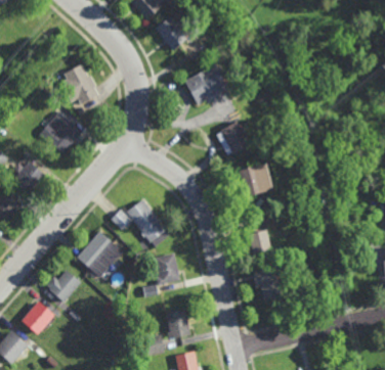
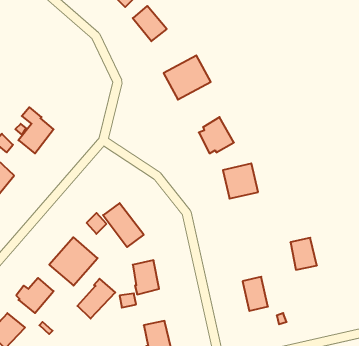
building: [60,64,99,104] -> none
building: [249,230,273,260] -> [290,238,317,270]
building: none -> [77,279,115,319]

